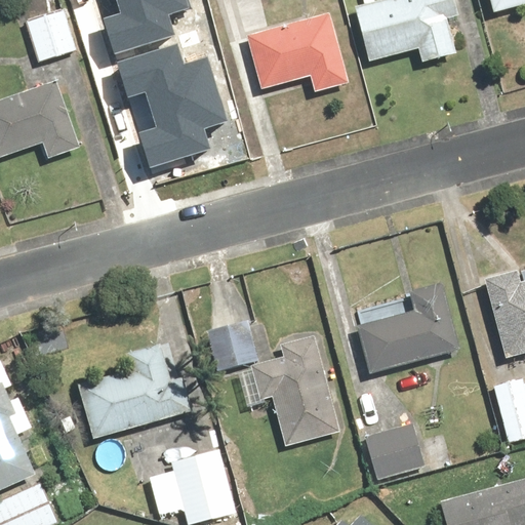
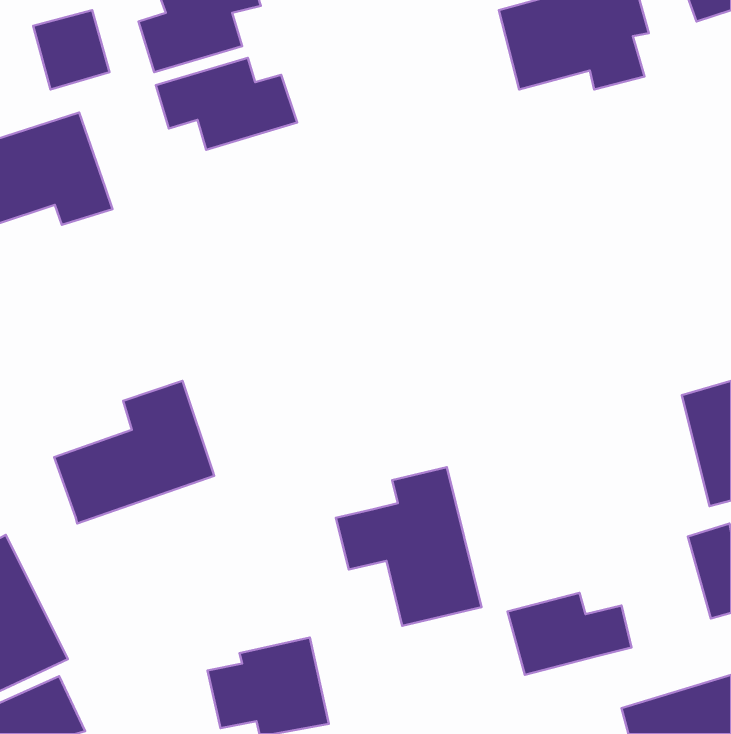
building: [229,13,351,96] -> none
building: [134,87,221,167] -> none
building: [355,285,459,371] -> none
building: [206,320,255,369] -> none
building: [79,339,193,441] -> [54,381,214,523]

